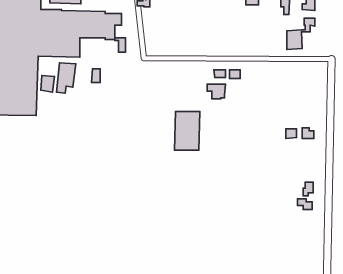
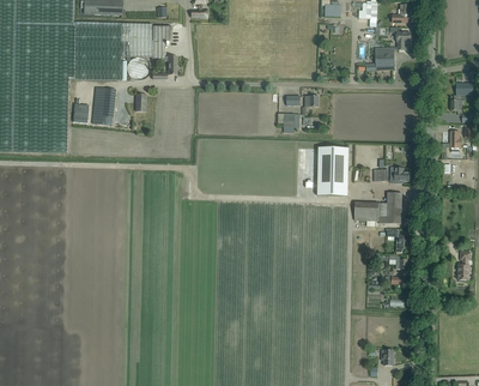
building: [175,111,200,150] -> [317,146,348,194]
building: none -> [354,191,402,224]

